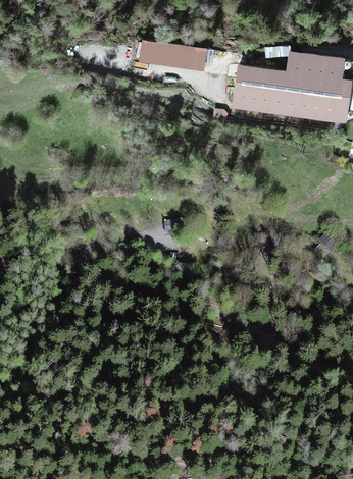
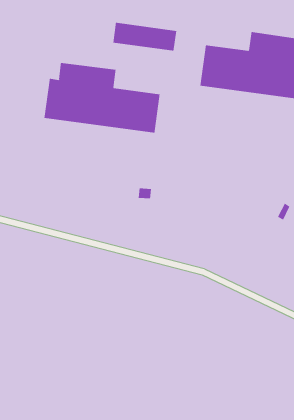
building: none -> [44,62,160,134]

